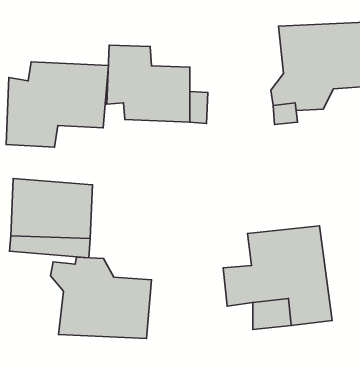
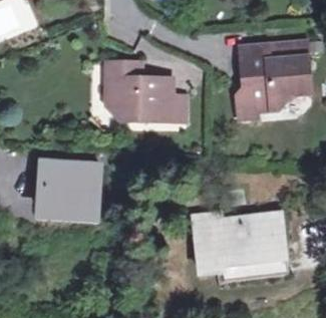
building: [6,62,108,147] -> none
building: [51,257,151,339] -> none

